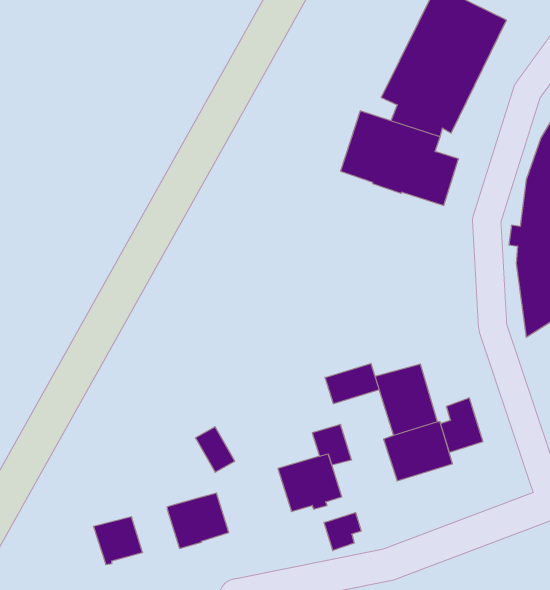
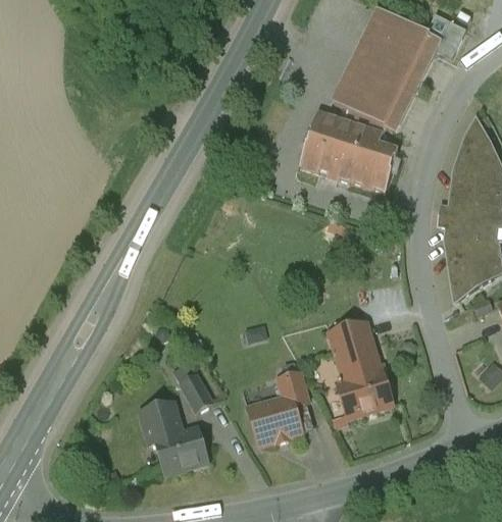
building: [325,363,379,404] -> none
building: [441,398,483,452] -> none
building: [324,513,361,551] -> none
building: [93,517,143,565] -> [141,403,182,442]

